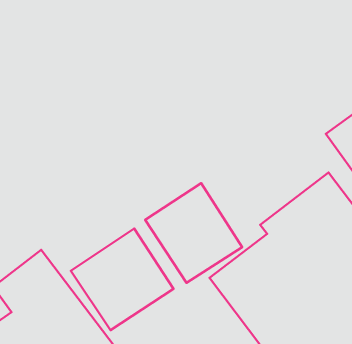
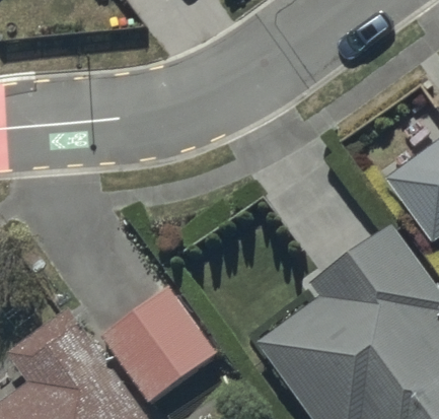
building: [145,183,242,283] -> none

